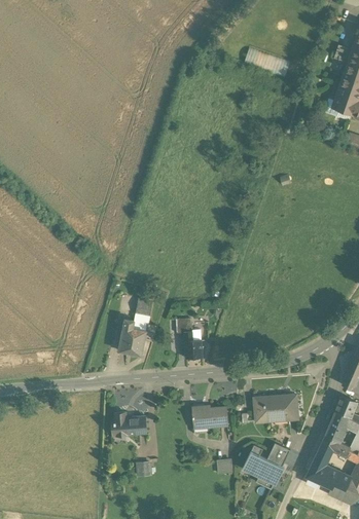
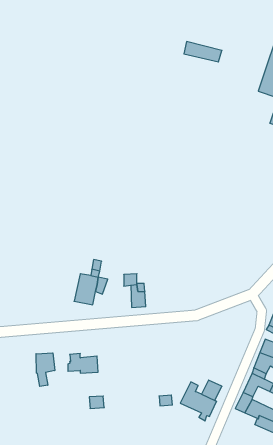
building: [255,395,298,422] -> none
building: [193,404,229,428] -> none
building: none -> [36,353,55,386]

